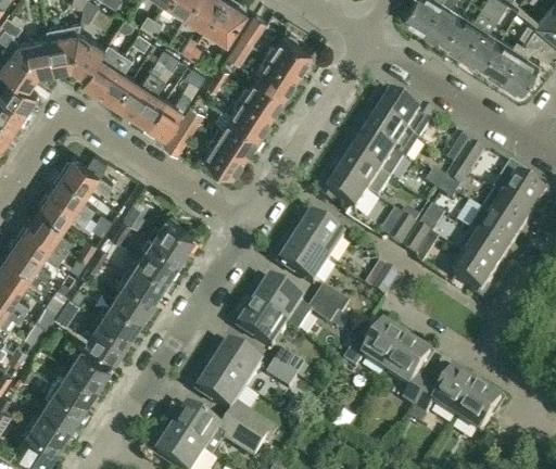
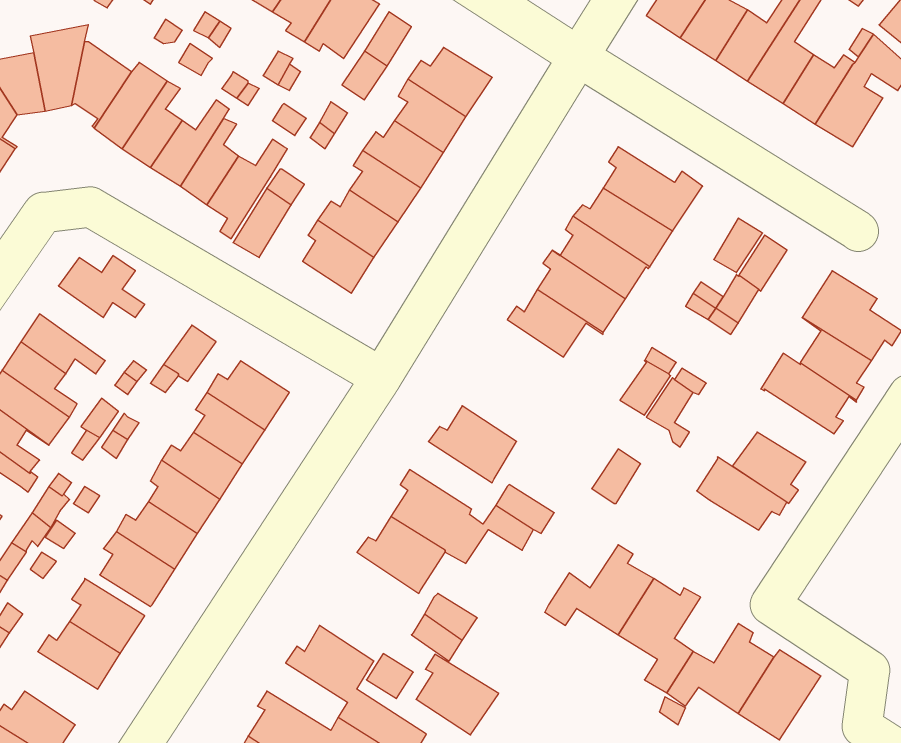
building: [51,174,94,217] -> none
building: [295,216,343,264] -> none
building: [458,233,510,276] -> [697,457,787,530]
building: [213,344,261,391] -> [416,654,499,735]
building: [42,385,85,428] -> none

